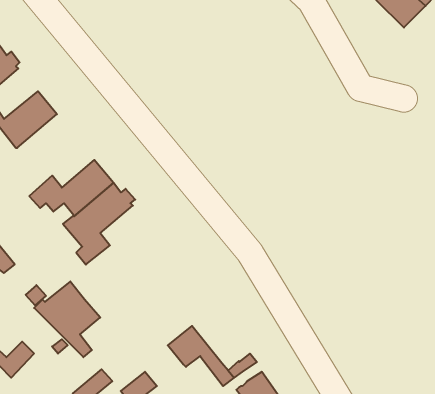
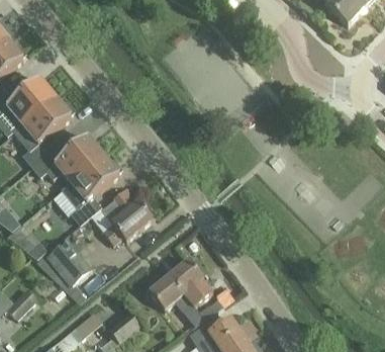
building: none -> [13,97,73,166]
building: none -> [101,188,152,244]
building: none -> [169,259,212,306]

